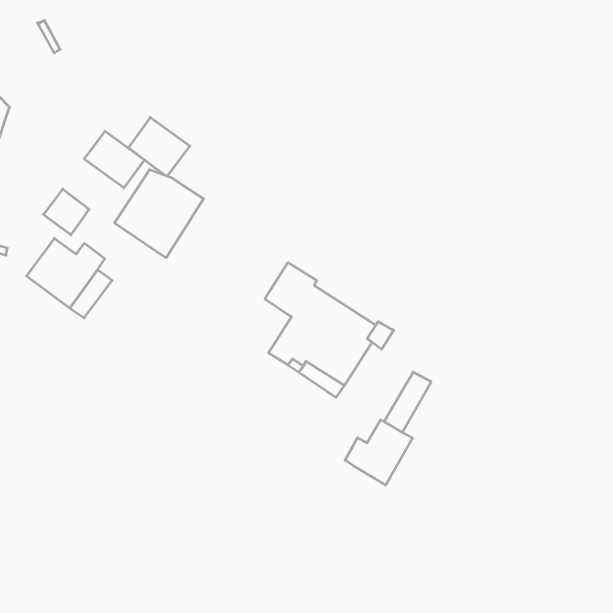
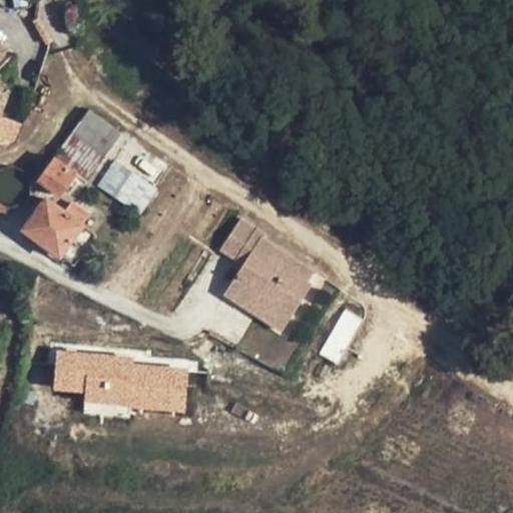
building: [129,117,190,176] -> [52,134,103,183]
building: none -> [49,349,178,409]
building: [345,420,413,485] -> none

